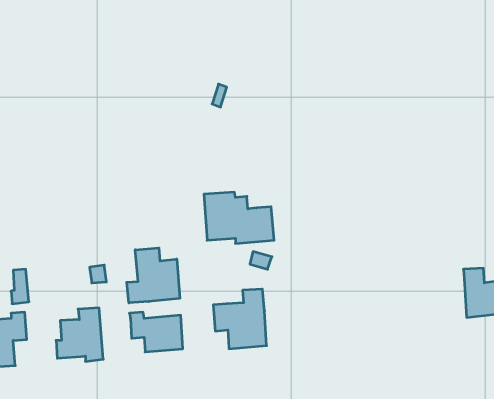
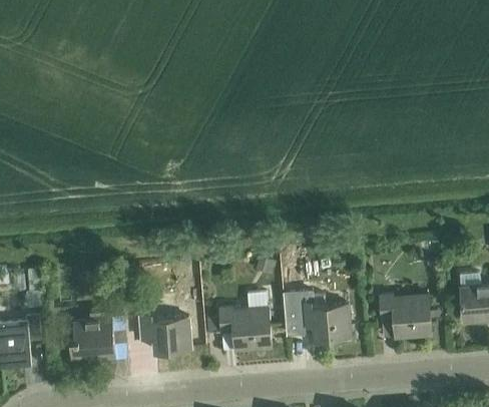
building: [204,192,274,243] -> [284,292,351,341]
building: [127,248,180,303] -> none
building: none -> [379,295,431,338]

